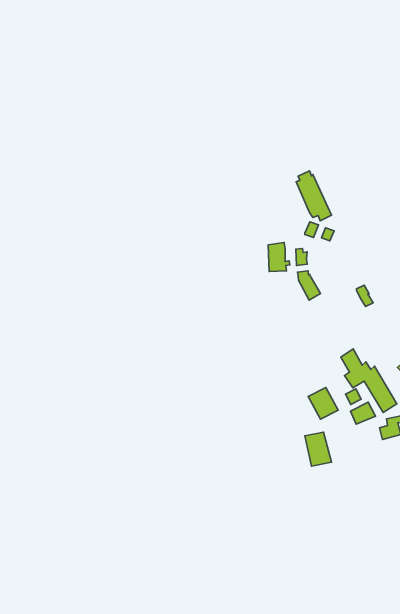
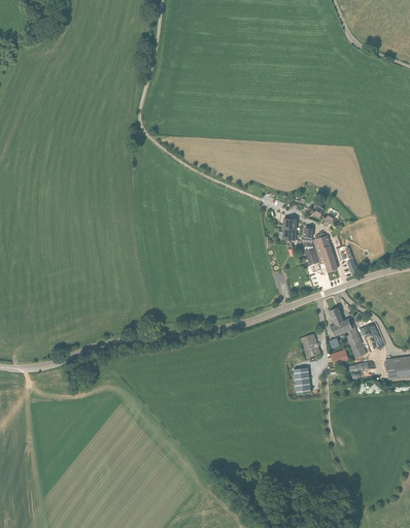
building: [296,171,332,221] -> [313,232,337,271]

